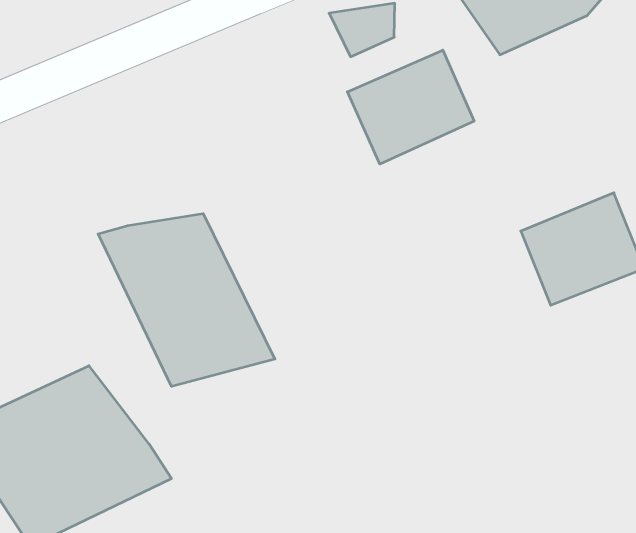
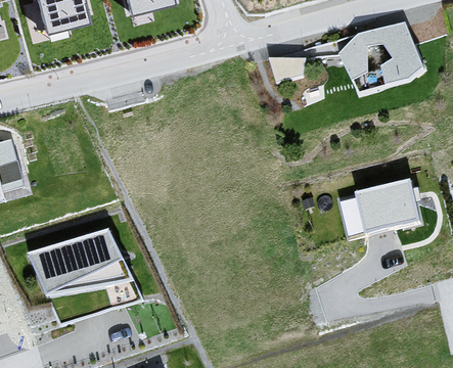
building: [347,50,474,164] -> none
building: [98,214,275,386] -> none

